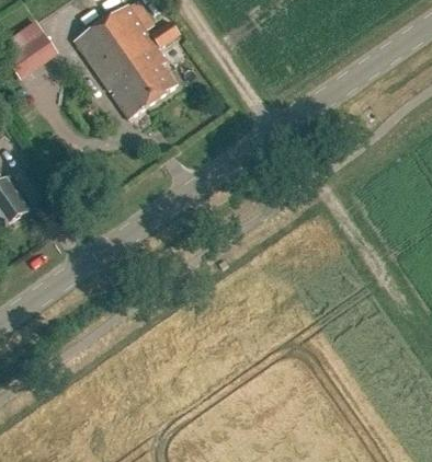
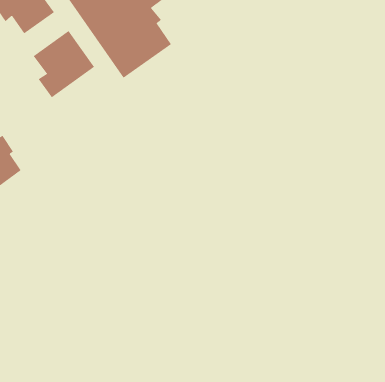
building: none -> [33,30,95,98]

